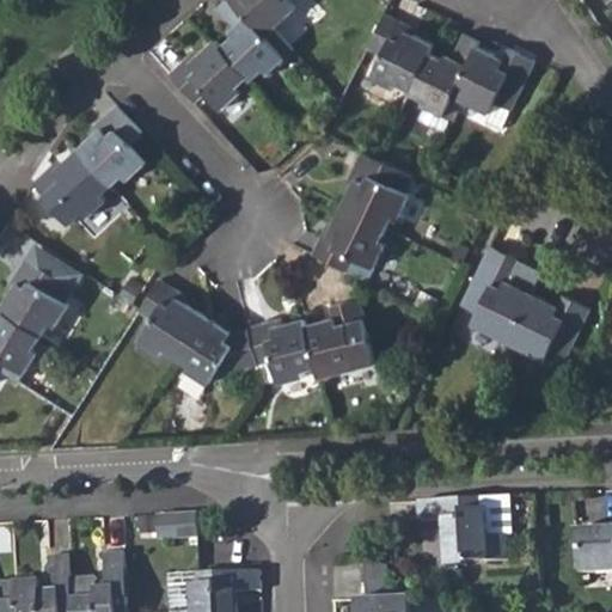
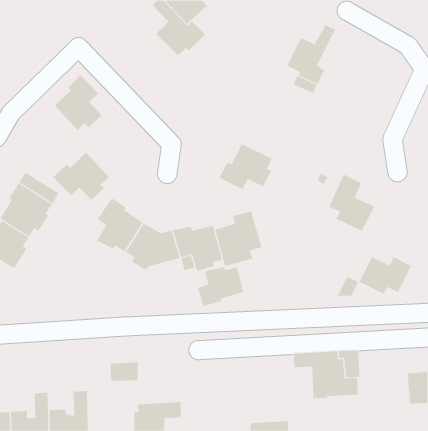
building: [366,13,429,90] -> none
building: [167,39,247,108] -> none
building: [449,47,532,112] -> none
building: [29,149,110,219] -> [52,152,110,201]
building: [342,149,412,225] -> none
building: [513,293,588,347] -> [359,256,412,294]
building: none -> [197,266,244,307]

